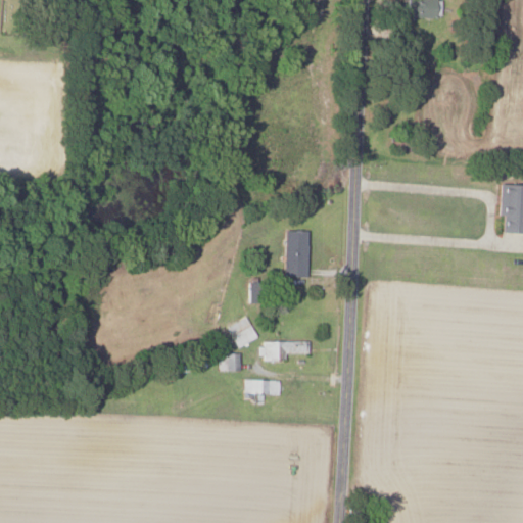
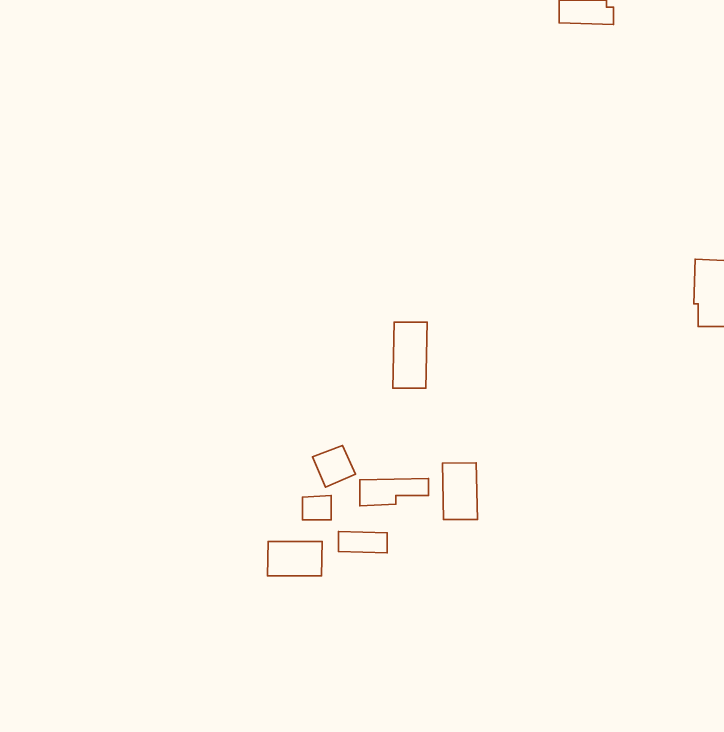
building: none -> [442,463,477,520]
building: none -> [268,542,322,576]

